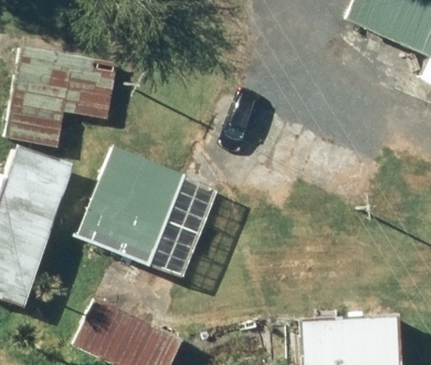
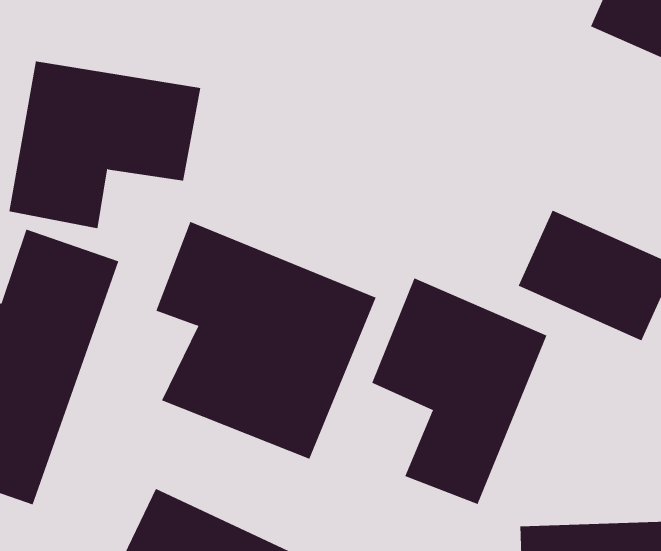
building: none -> [372,278,547,505]

